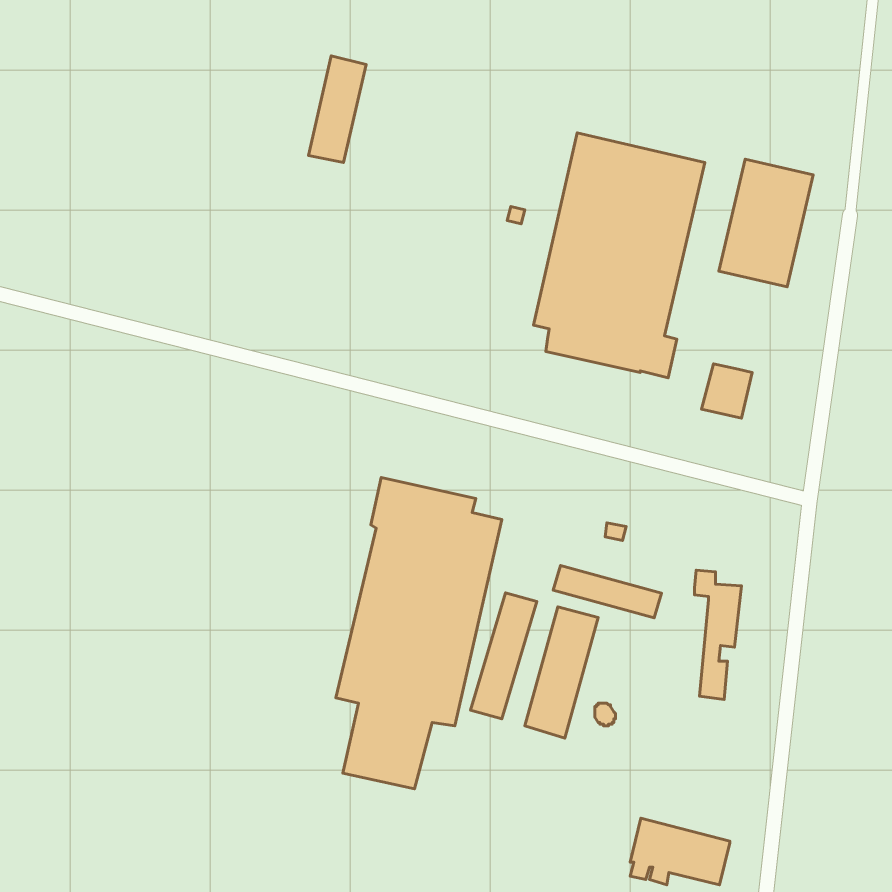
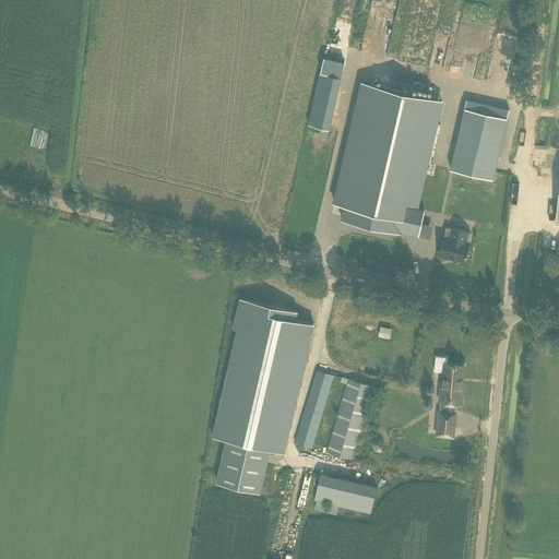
building: [309,56,366,162] -> [308,62,344,129]
building: [553,565,662,618] -> none
building: [630,818,730,885] -> [313,474,376,515]

